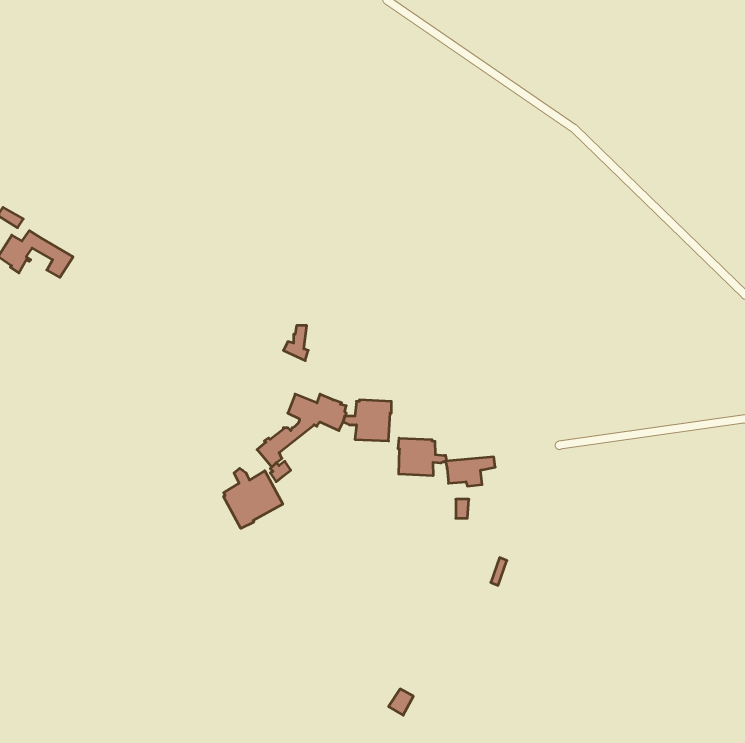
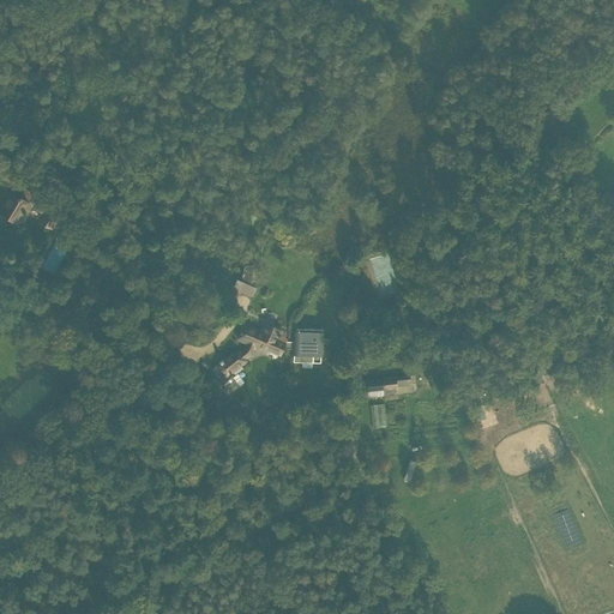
building: [398,438,447,476] -> none
building: [224,468,283,528] -> none

